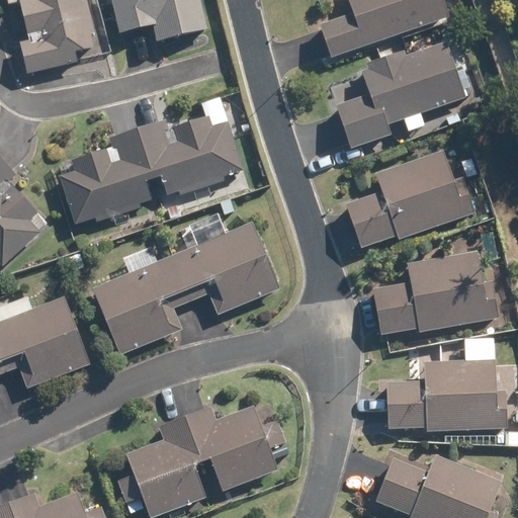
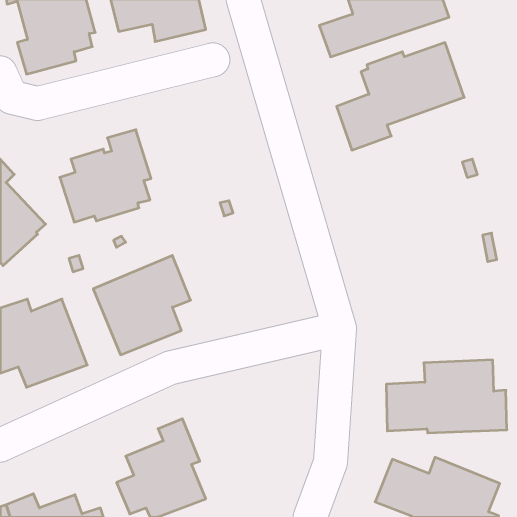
building: [137,106,243,194] -> none
building: [346,151,477,249] -> none
building: [173,223,279,315] -> none
building: [373,245,499,335] -> none
building: [183,406,285,492] -> none

